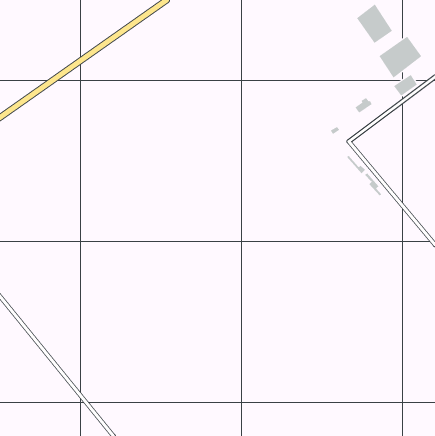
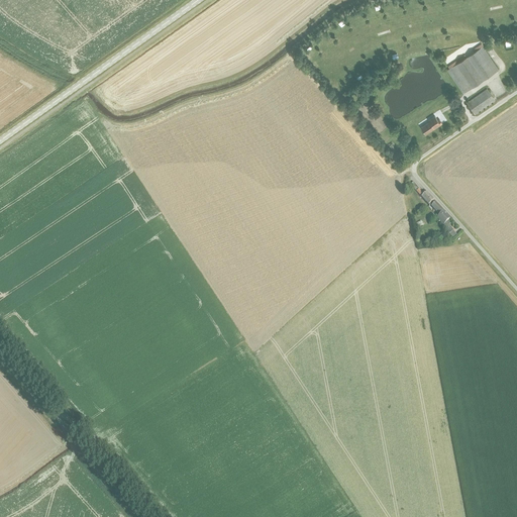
building: [356,4,393,44] -> none

